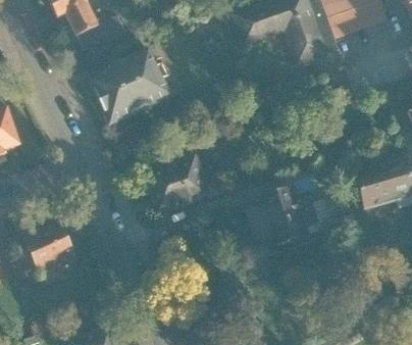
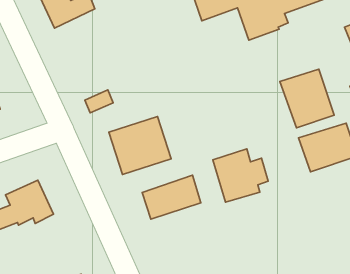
building: [83,49,170,130] -> none
building: none -> [280,69,334,128]
building: none -> [142,175,201,219]

